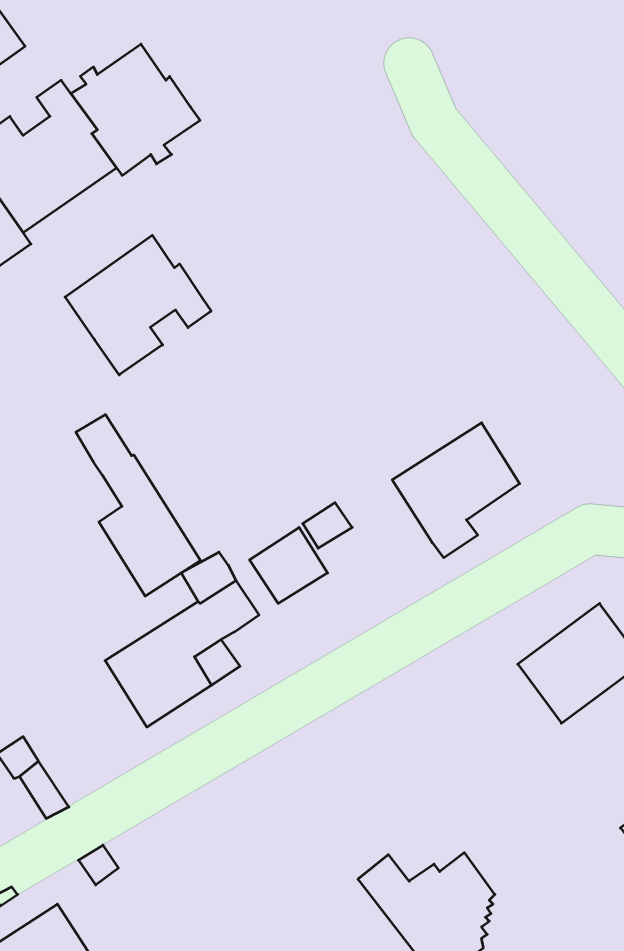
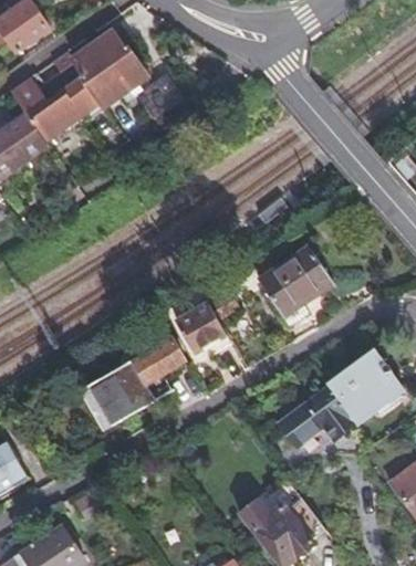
building: [65,235,211,375] -> none
building: [76,415,201,596] -> none
building: none -> [281,389,356,446]

